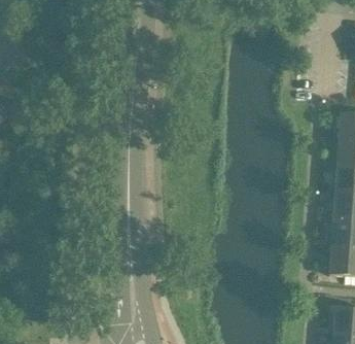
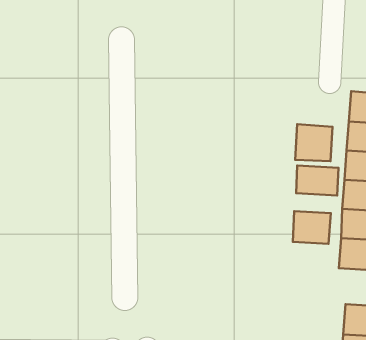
building: none -> [295,124,332,161]
building: none -> [296,166,338,195]
building: none -> [293,211,331,244]

